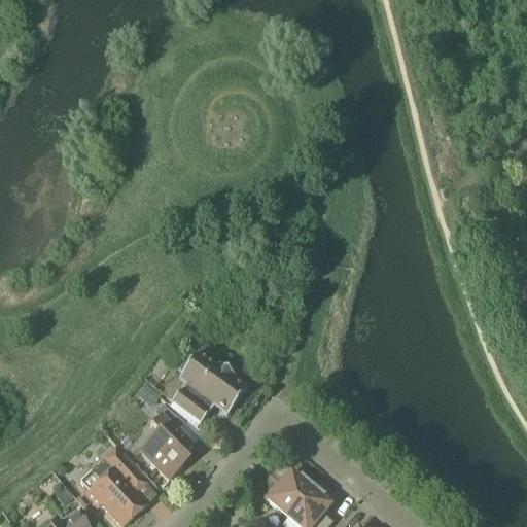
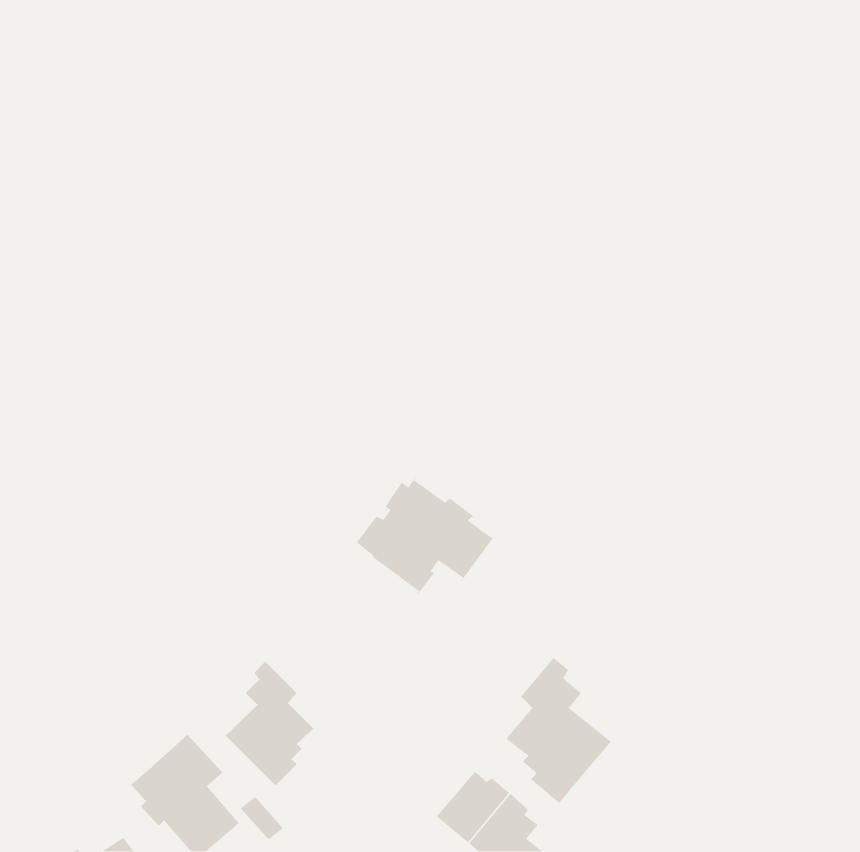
building: [163,350,247,422] -> [356,476,494,595]
building: none -> [505,657,612,804]

